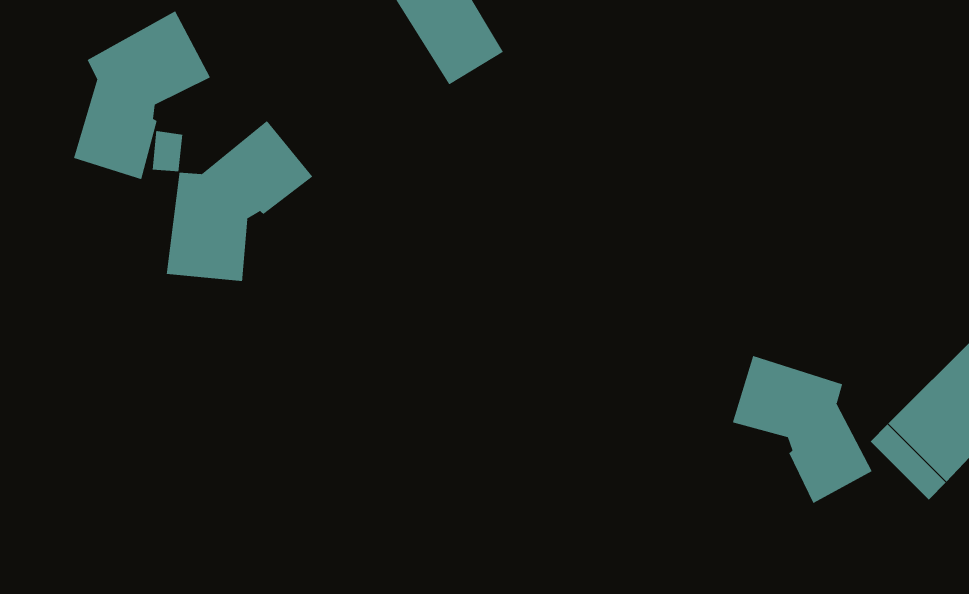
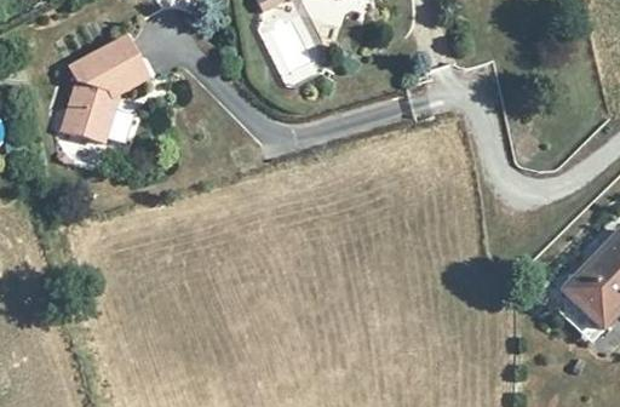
building: [166,120,313,282] -> none
building: [732,355,873,504] -> none

